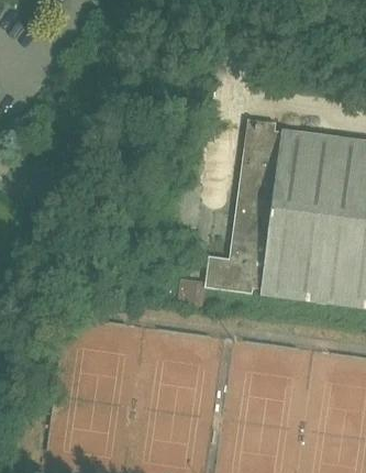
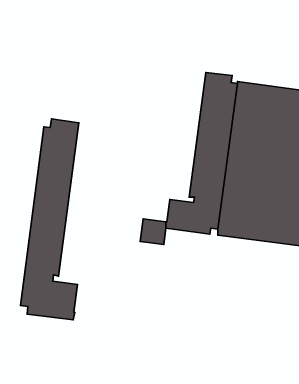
building: none -> [21,119,79,320]

